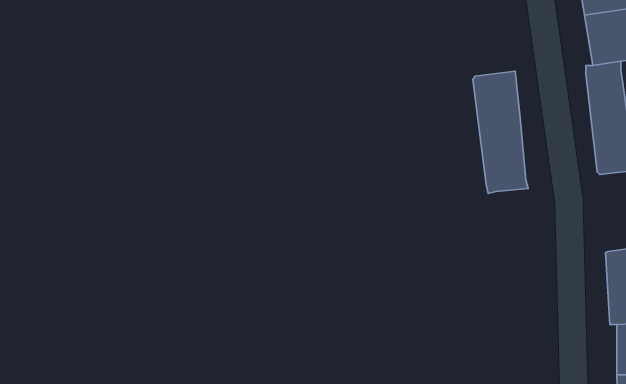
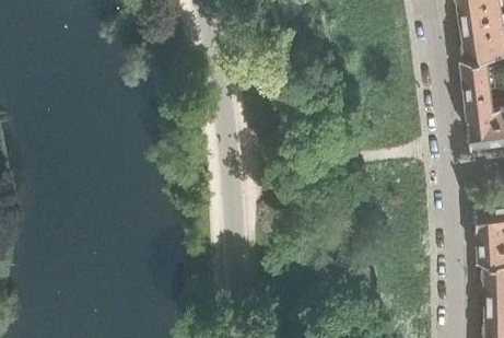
building: [473,71,528,193] -> none

